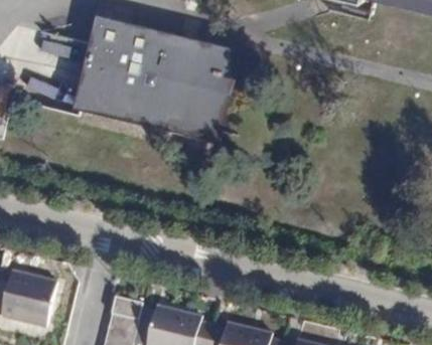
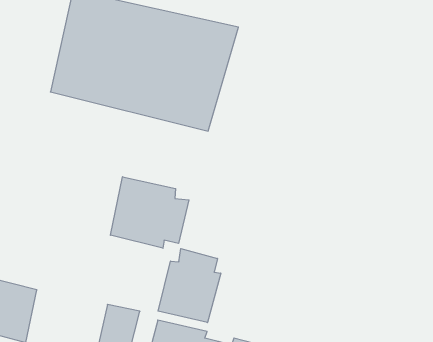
building: none -> [110,177,189,248]
building: none -> [158,249,221,323]

